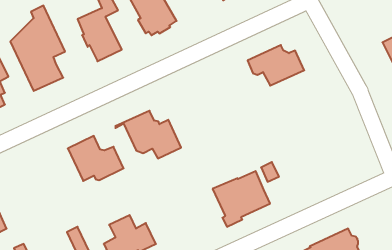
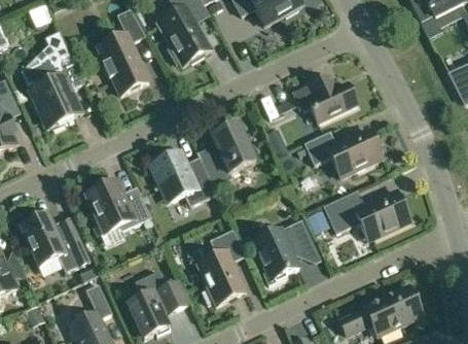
building: none -> [200,123,255,185]
building: none -> [303,129,382,176]
building: none -> [323,190,410,239]
building: none -> [20,211,89,271]
building: none -> [196,228,246,304]

